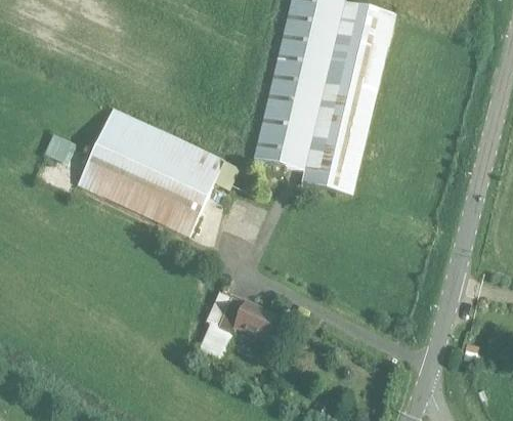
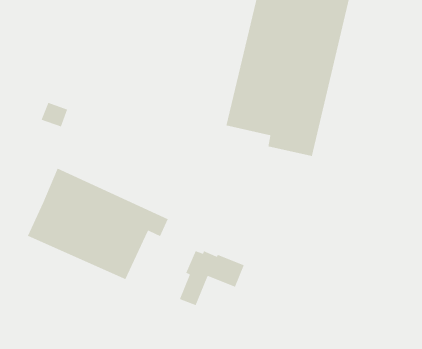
building: [78,108,237,234] -> [27,168,169,280]

